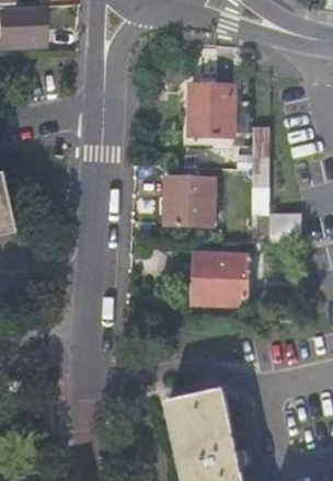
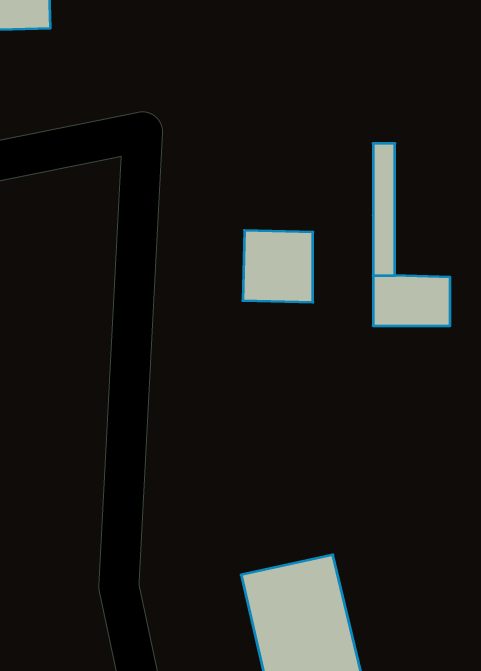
building: [191,87,232,137] -> none
building: [195,251,248,304] -> none

